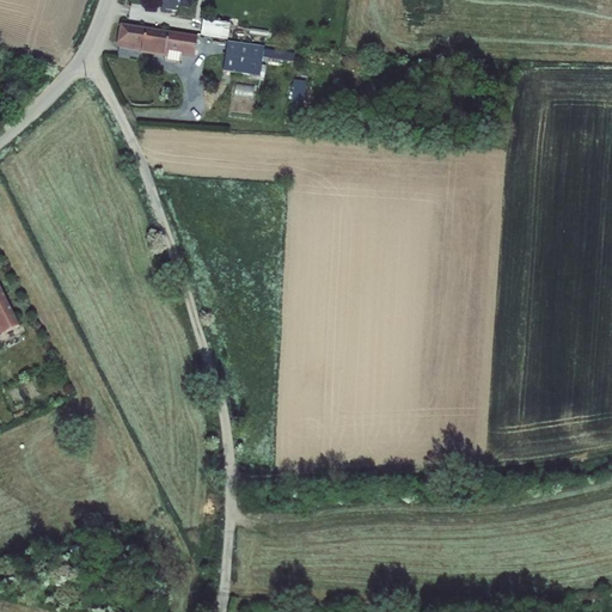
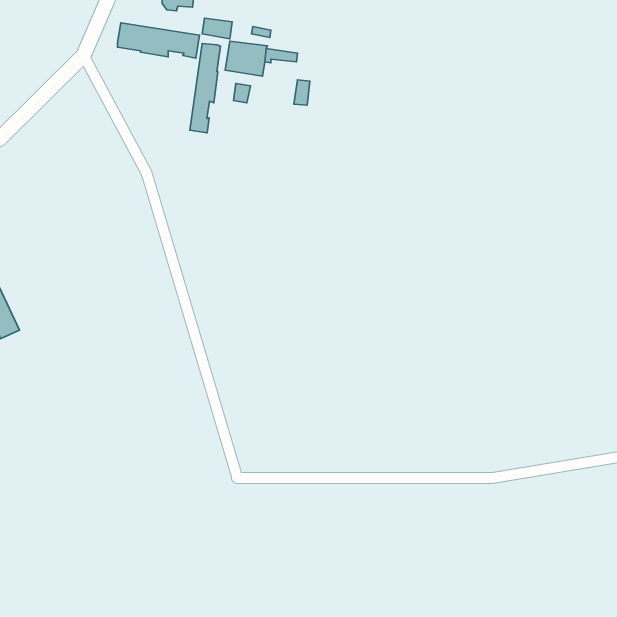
building: none -> [190,43,221,133]

